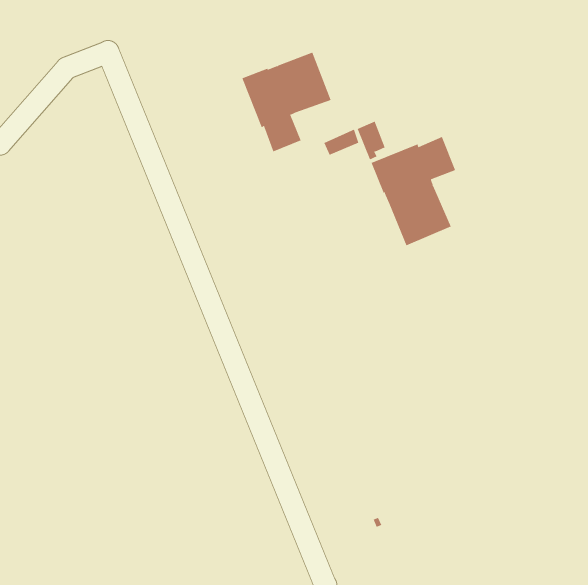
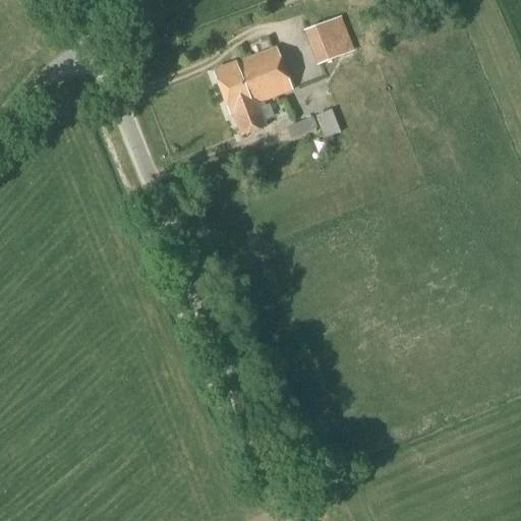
building: none -> [306,15,354,64]
building: [371,136,456,246] -> none

